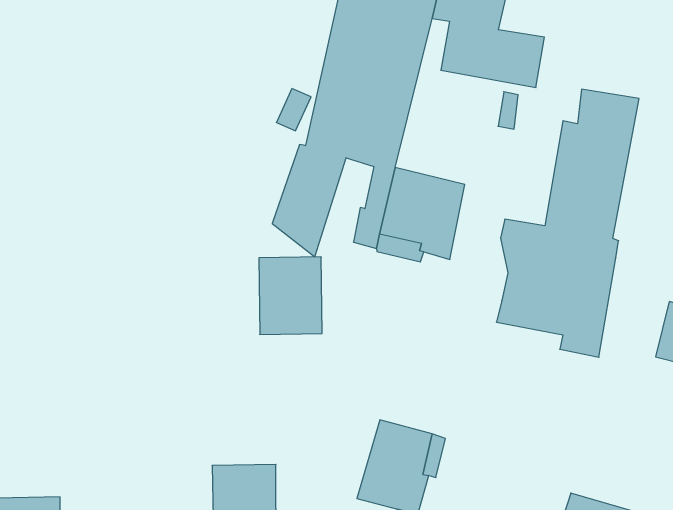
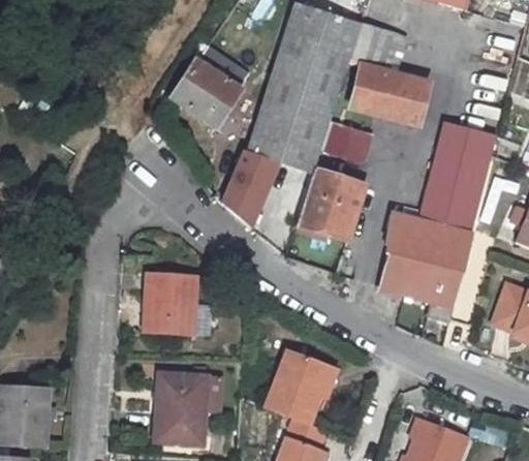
building: none -> [172,61,242,127]
building: none -> [326,124,368,160]
building: [259,257,322,334] -> [147,274,196,333]

